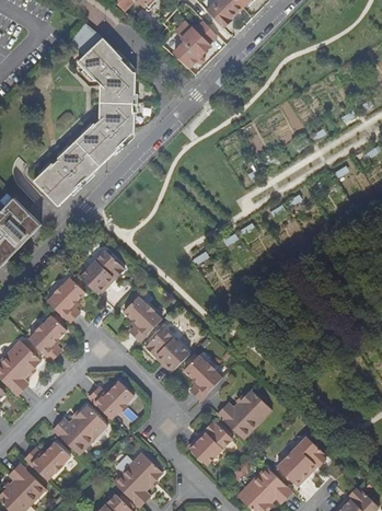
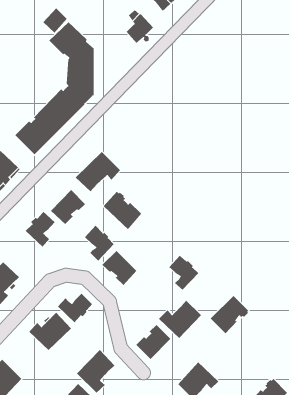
building: none -> [75,151,121,192]
building: none -> [103,191,142,230]
building: [28,315,66,360] -> none
building: [182,353,220,398] -> [169,255,199,291]
building: [277,437,326,486] -> [210,295,249,334]
building: [24,441,69,479] -> none

